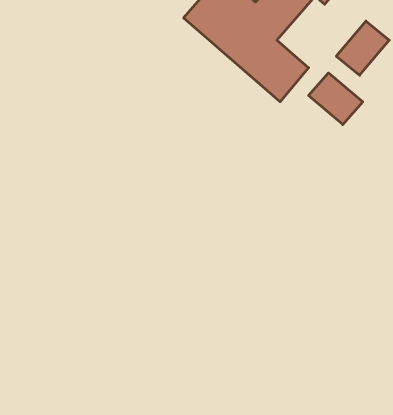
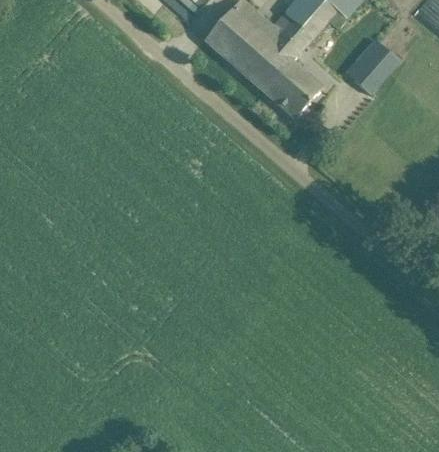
building: [309,73,363,125] -> none

